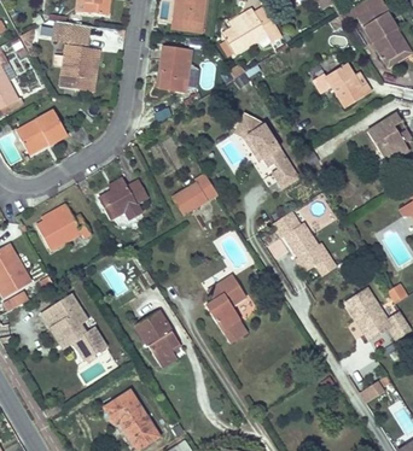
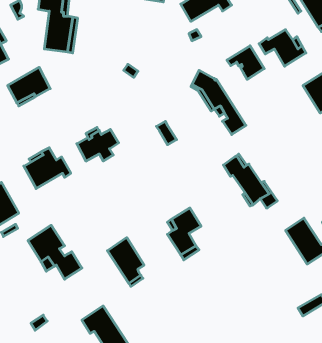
building: [159,47,192,90] -> none
building: none -> [227,46,264,79]
building: [173,183,206,215] -> none

